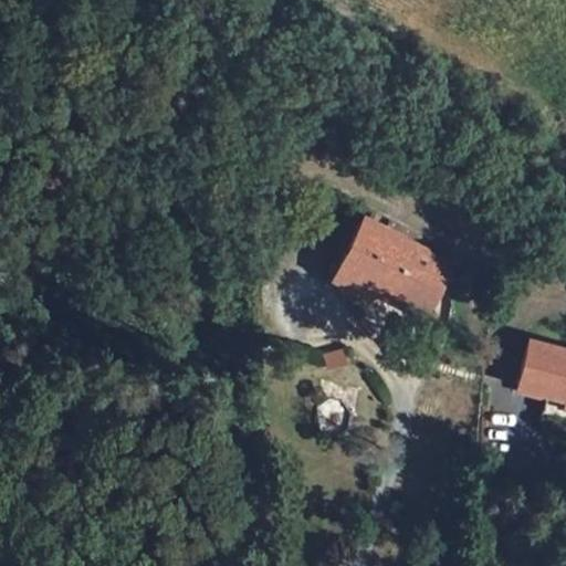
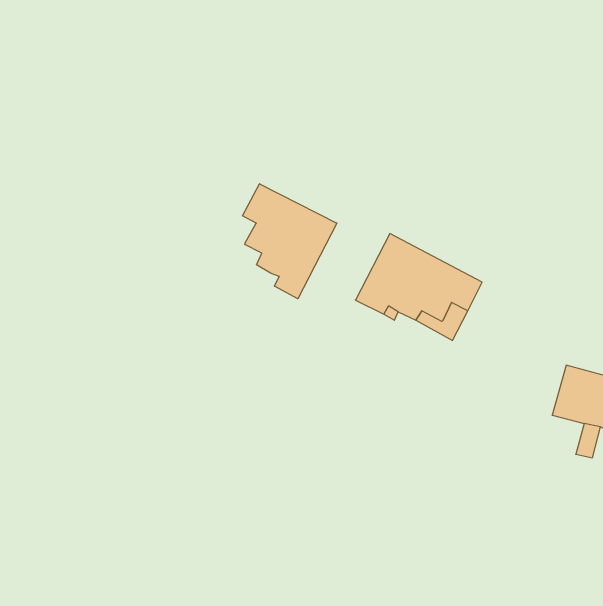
building: none -> [243,184,337,299]

